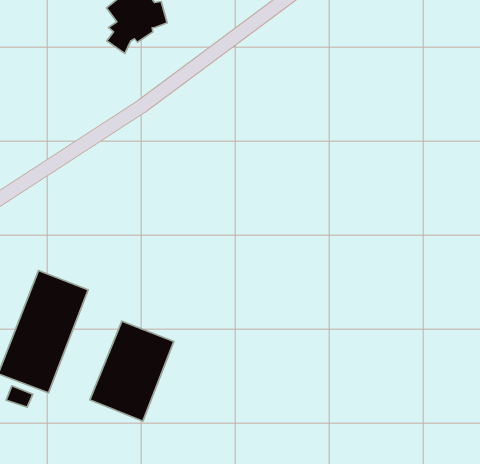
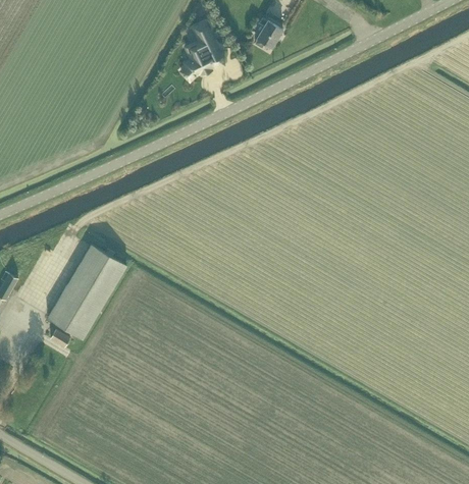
building: [90,321,174,421] -> none

